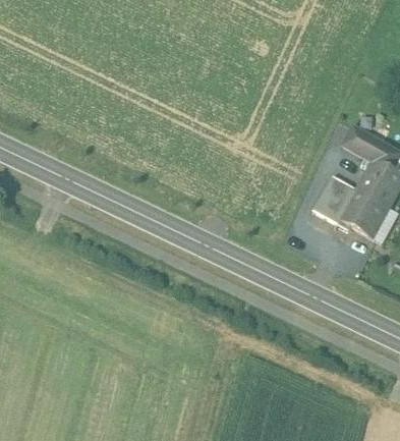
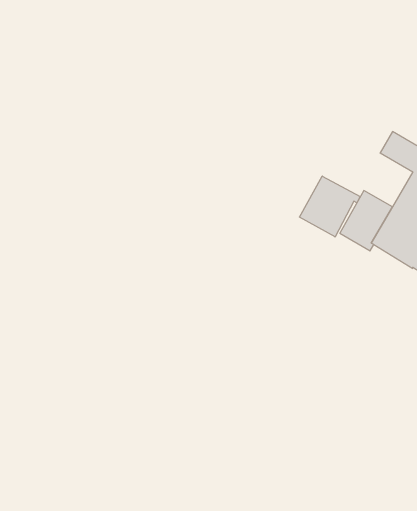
building: none -> [299,176,360,237]

